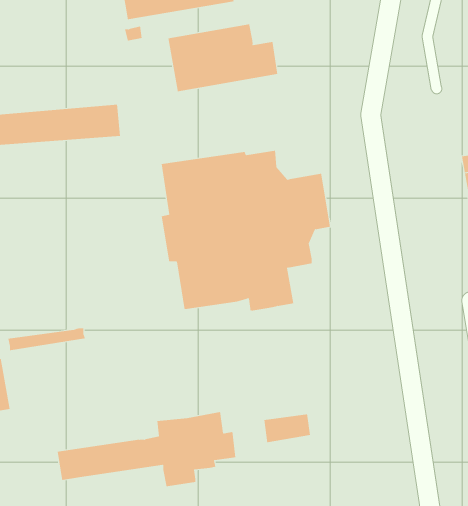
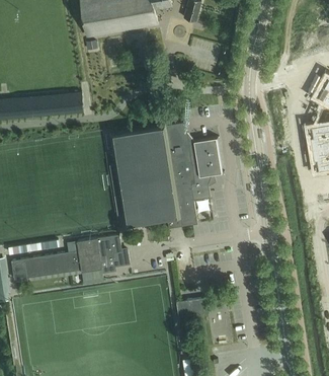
building: [168,23,278,92] -> none
building: [57,412,236,487] -> [10,235,129,285]

